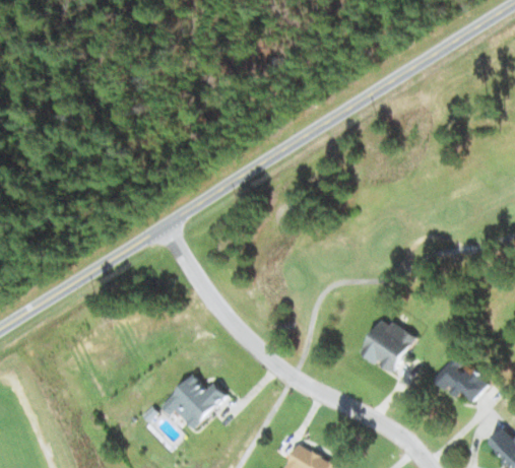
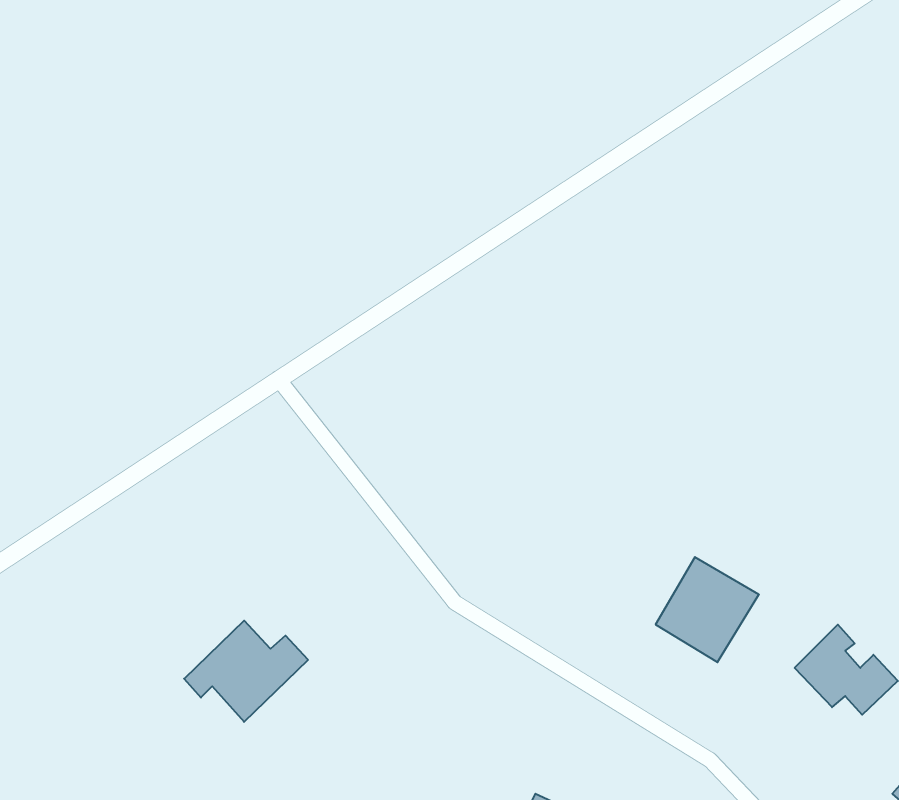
building: [159,376,227,430] -> [184,621,308,722]

